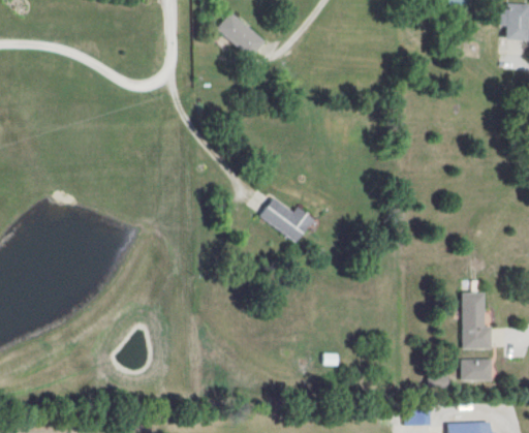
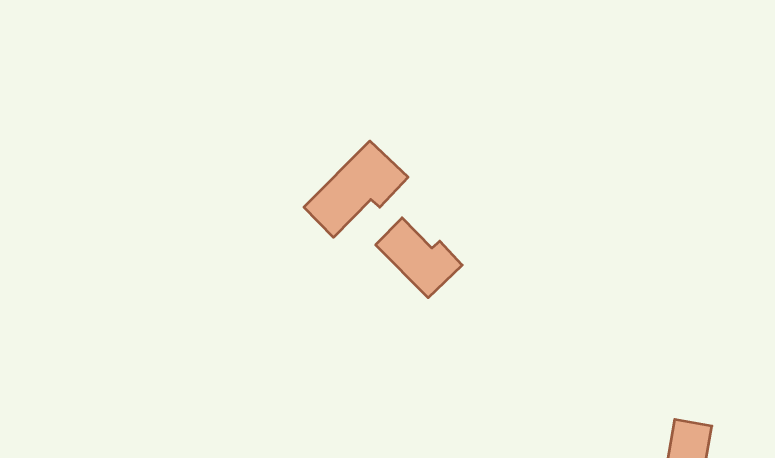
building: none -> [304,141,408,237]

